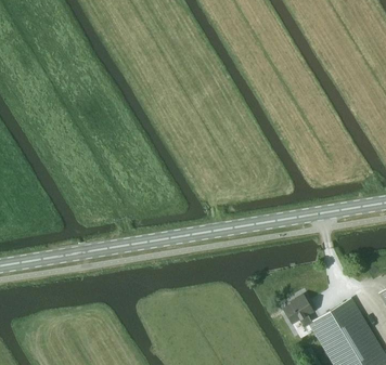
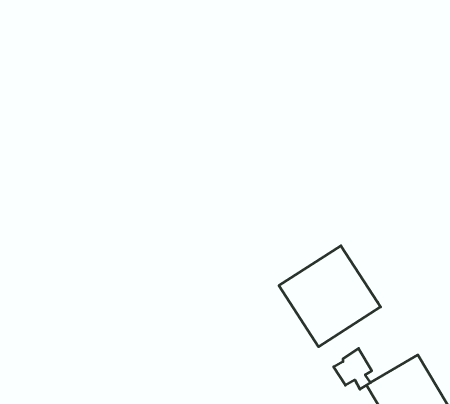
building: none -> [279,246,381,347]

